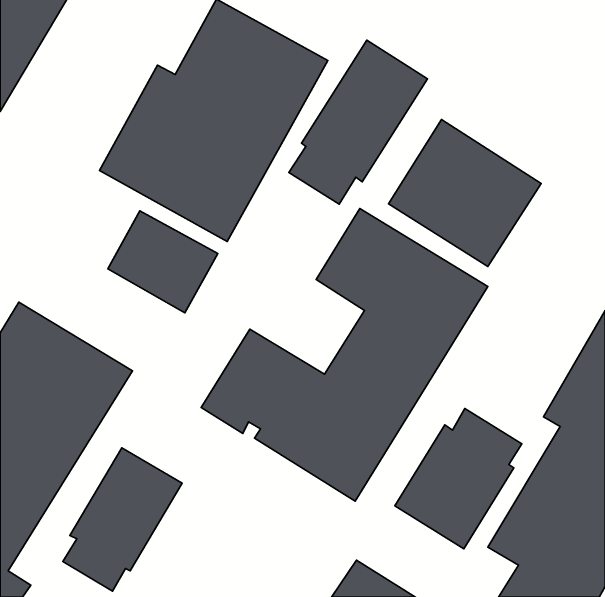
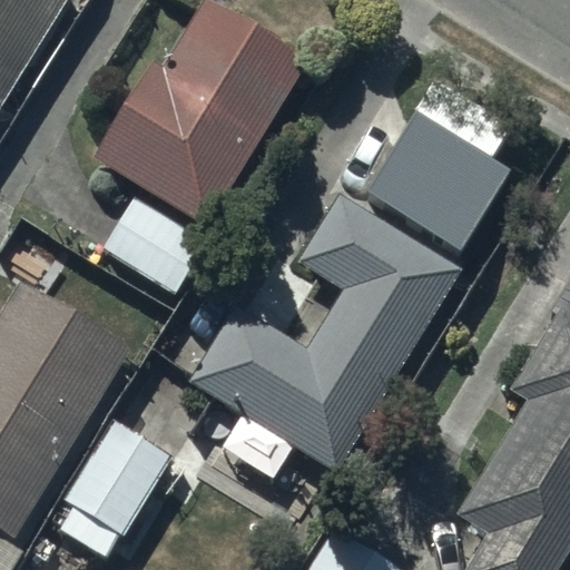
building: [289,40,427,204] -> none
building: [395,409,522,549] -> none

